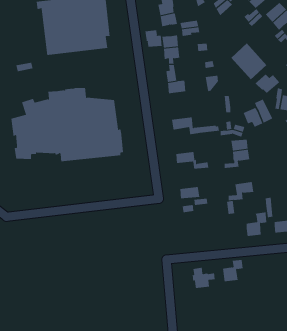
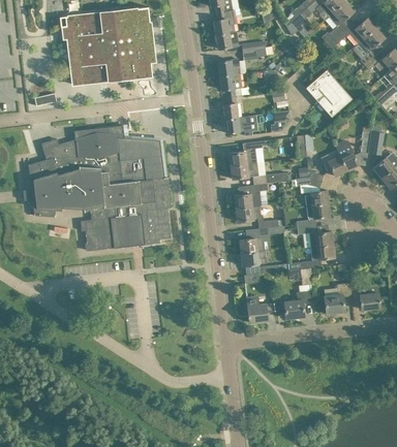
building: [145,30,162,47] -> none
building: [255,74,280,94] -> none
building: none -> [228,139,268,165]
building: none -> [234,183,267,209]
building: none -> [81,211,171,250]
building: none -> [297,225,333,247]
building: none -> [240,226,278,253]
building: [222,260,243,282] -> [284,290,311,318]
building: [192,267,216,289] -> [245,295,275,322]

